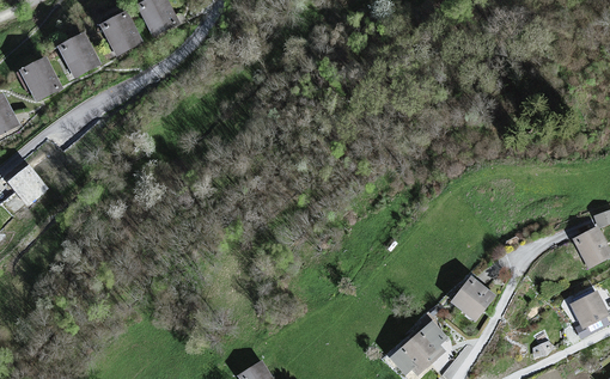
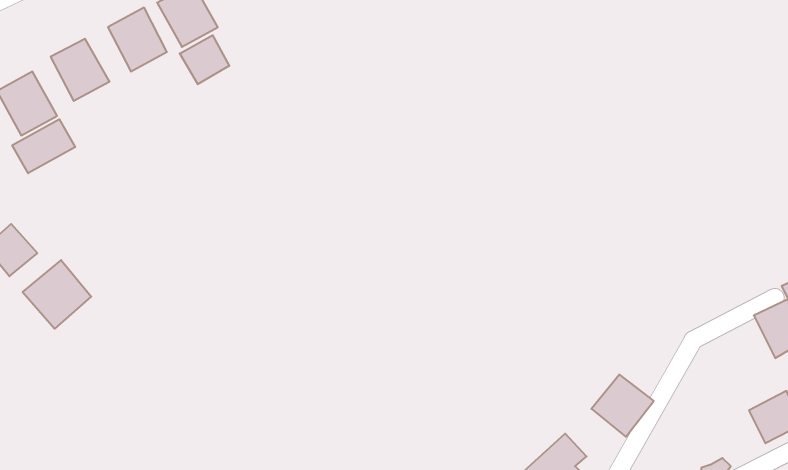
building: none -> [180,35,229,84]
building: none -> [12,119,75,173]
building: none -> [23,260,91,329]

